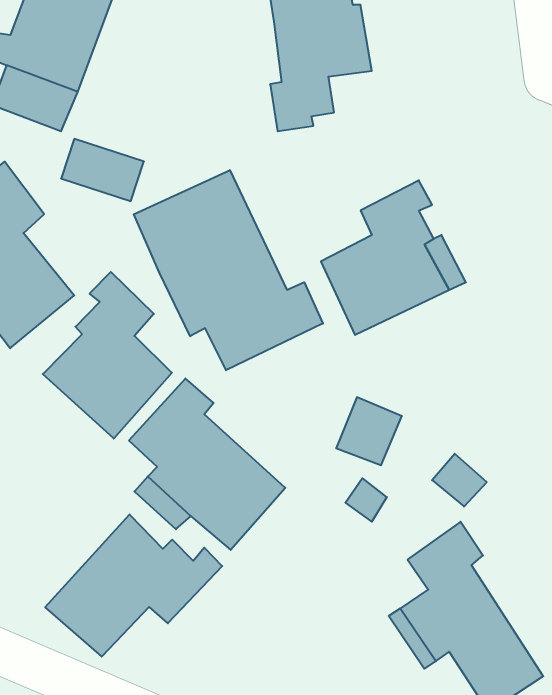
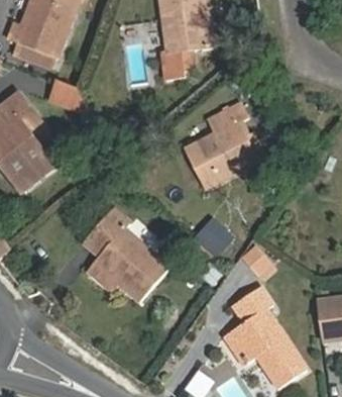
building: [134,170,323,370] -> none
building: [43,272,172,439] -> none
building: [45,514,222,657] -> none

